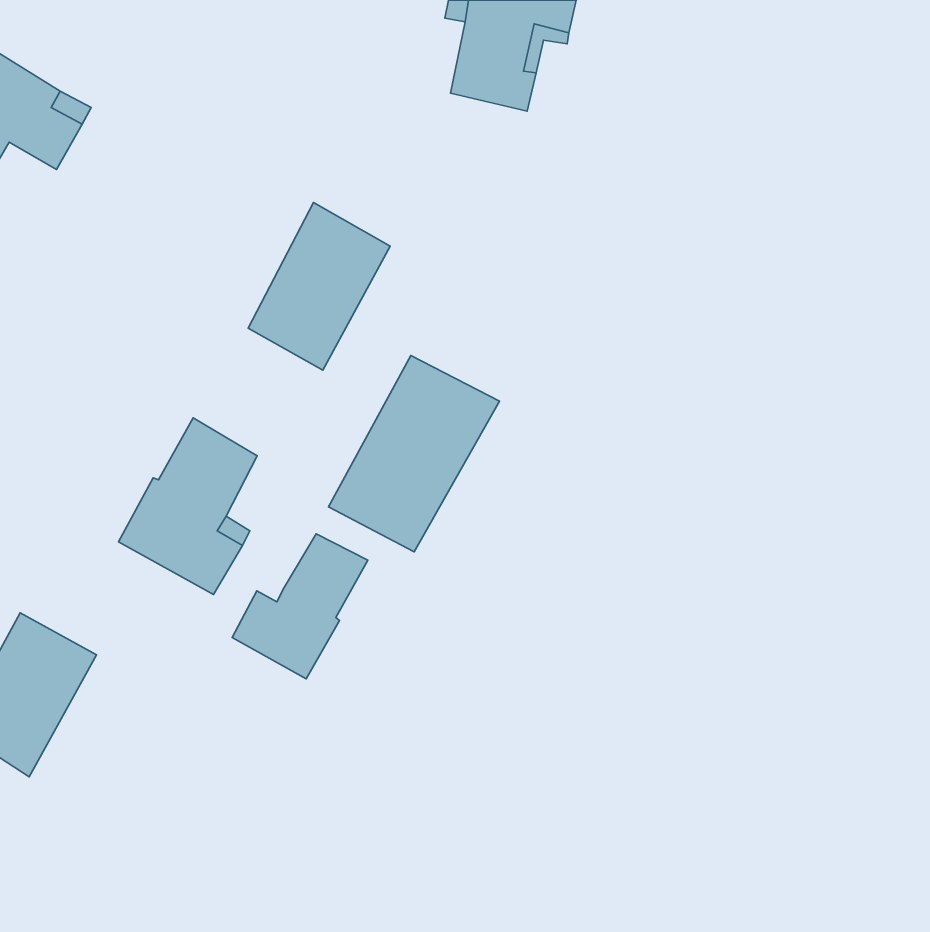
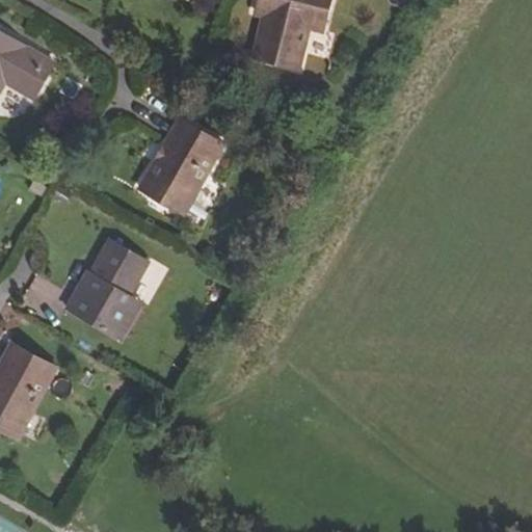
building: [328,356,499,552] -> none
building: [232,534,368,679] -> none

